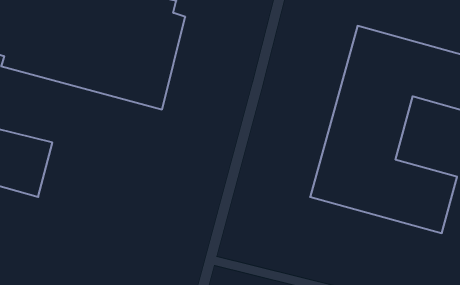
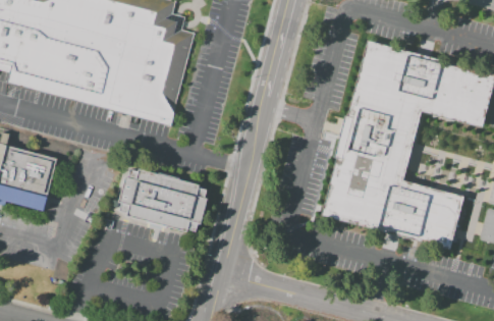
building: none -> [116,167,207,236]

